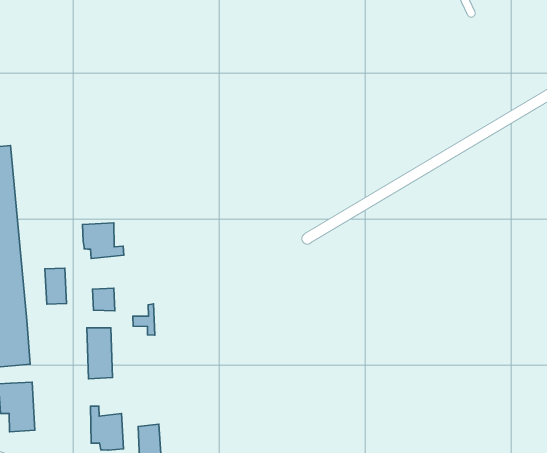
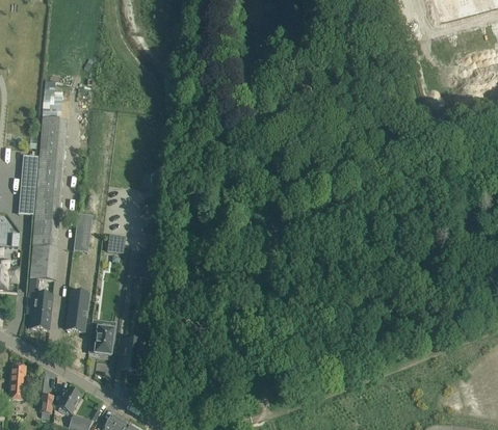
building: [82,223,124,258] -> none
building: [87,328,113,379] -> [64,291,87,330]

